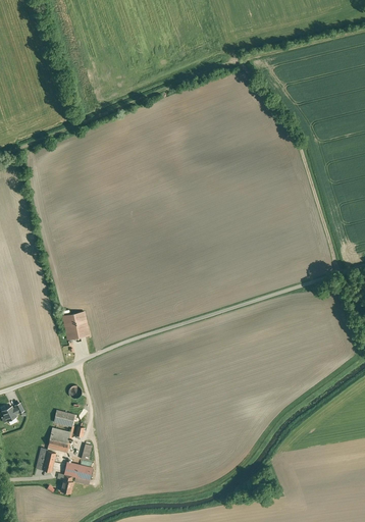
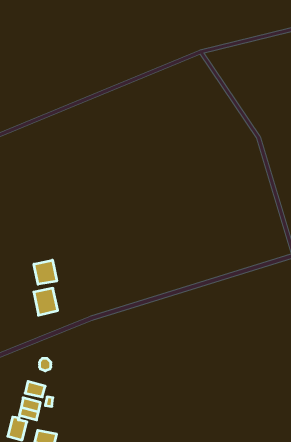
building: none -> [34,260,57,284]

